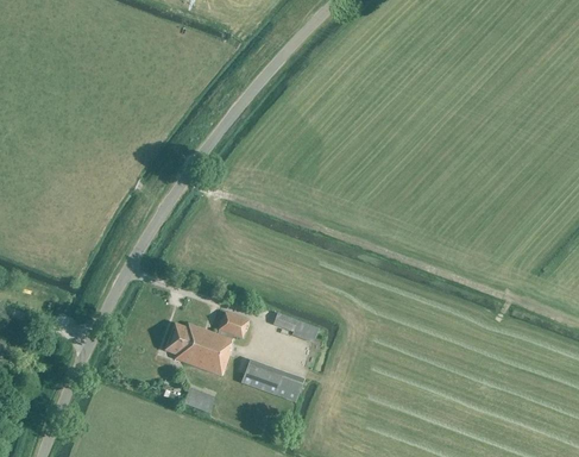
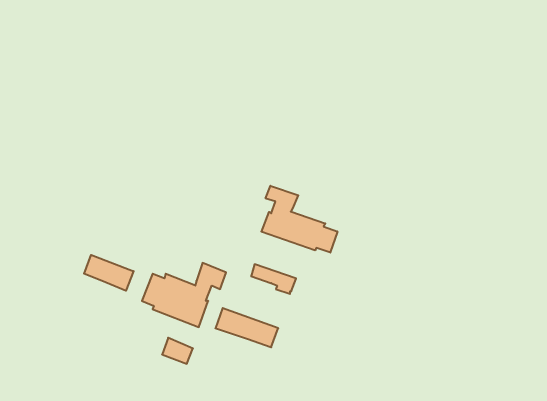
building: none -> [261,186,337,253]
building: none -> [84,255,134,291]

